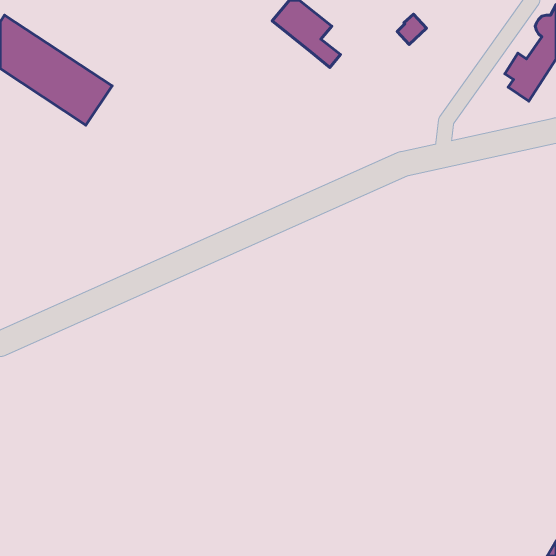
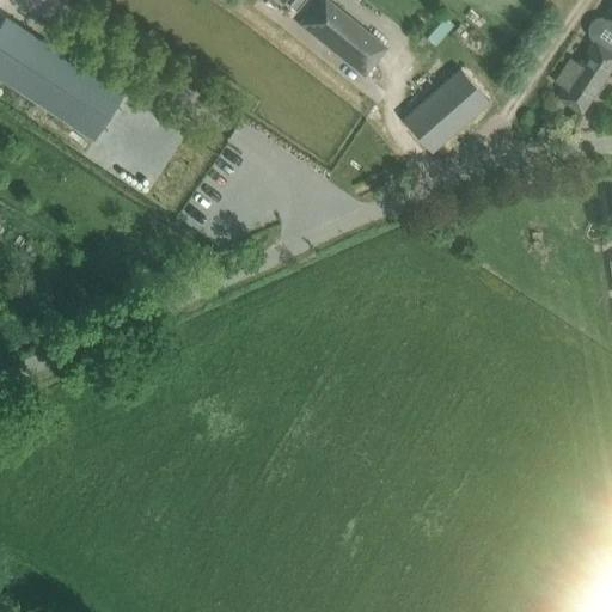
building: none -> [408,73,490,152]

